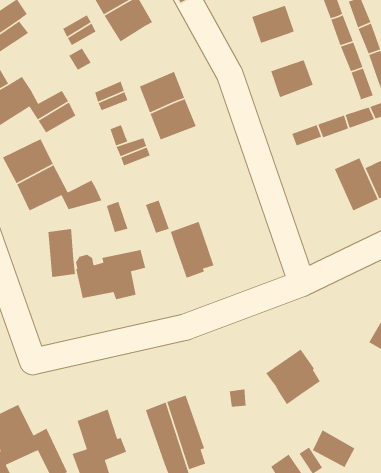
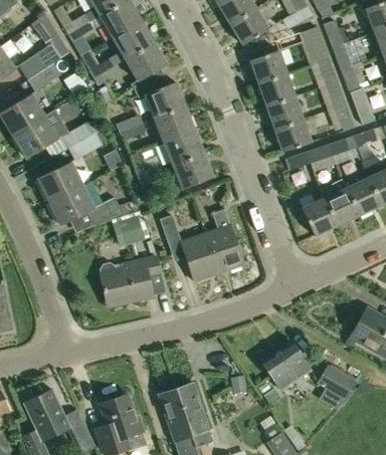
building: none -> [131,67,185,119]
building: none -> [258,72,296,105]
building: none -> [274,118,312,152]
building: none -> [173,153,213,189]
building: none -> [303,198,337,235]
building: none -> [206,209,245,271]
building: [47,228,76,278] -> none
building: [312,429,355,468] -> [318,364,355,397]

